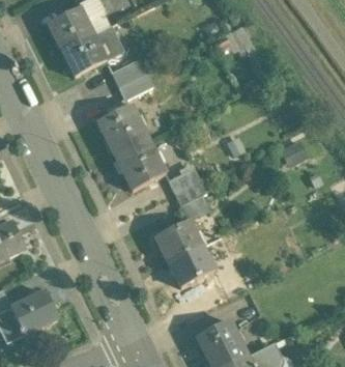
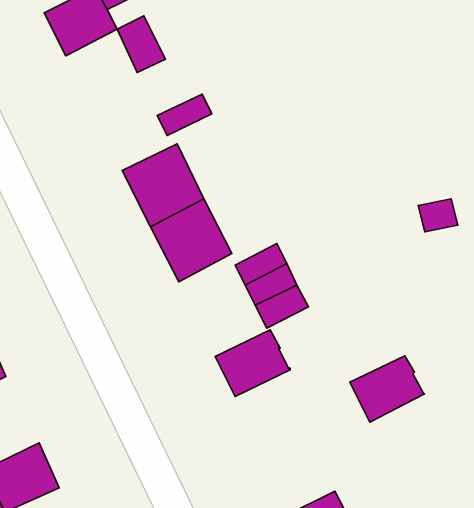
building: [61,32,106,75] -> none
building: [111,57,146,86] -> none
building: [167,245,213,286] -> [350,356,425,422]

